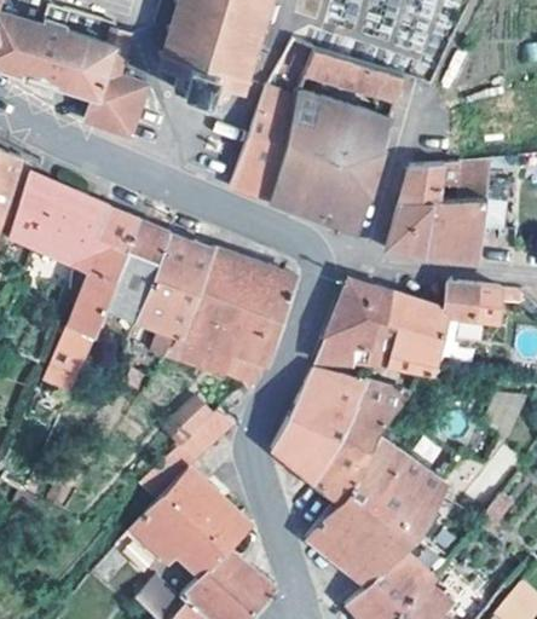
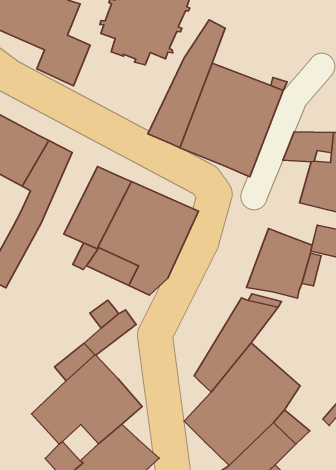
building: [304,48,402,100] -> none
building: [385,203,432,255] -> none
building: [106,219,169,320] -> none
building: [314,277,387,365] -> none
building: [270,368,362,480] -> none

